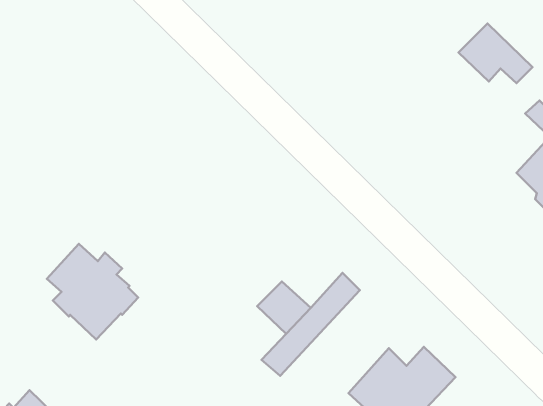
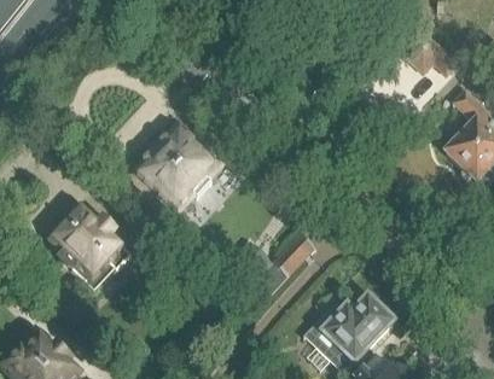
building: none -> [130,123,220,212]

